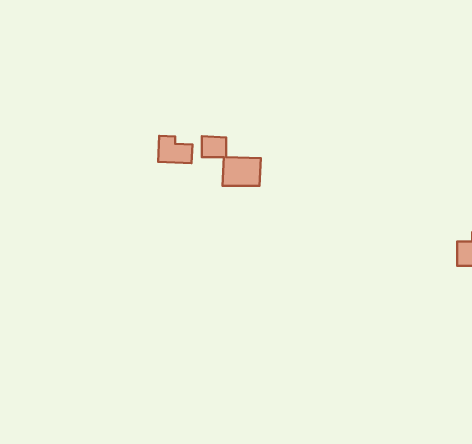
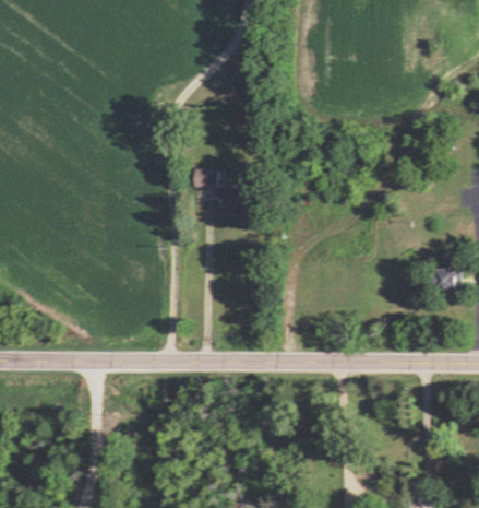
building: [158,136,192,163] -> none

